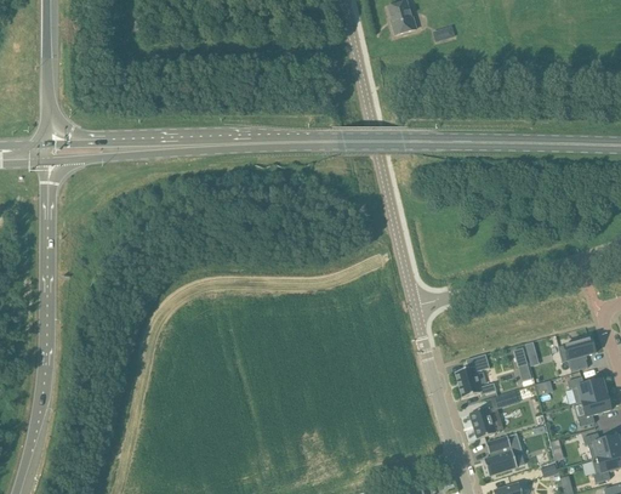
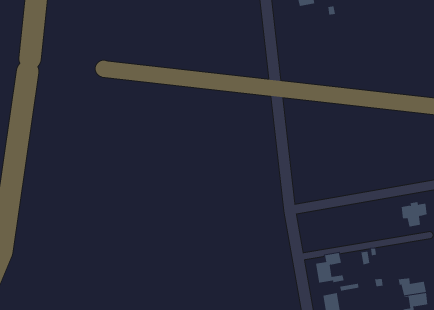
building: [559,335,596,370] -> [401,201,428,227]

